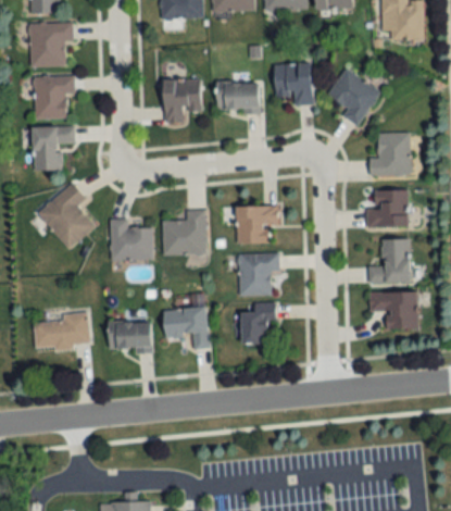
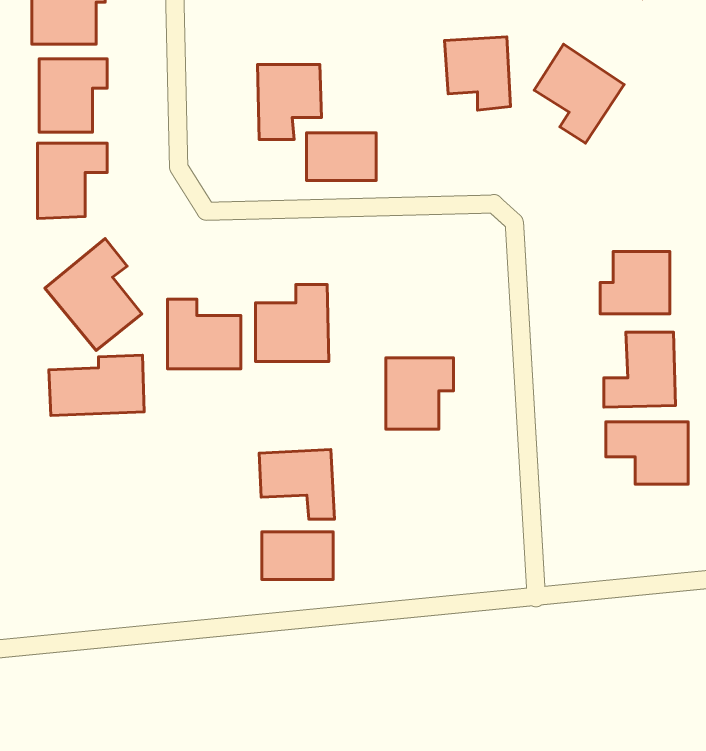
building: [217,83,259,111] -> [307,133,376,181]
building: [369,132,411,175] -> none
building: [237,205,278,242] -> none
building: [242,302,274,344] -> none
building: [33,313,89,349] -> [49,355,144,416]
building: [109,322,151,350] -> [262,532,333,580]

